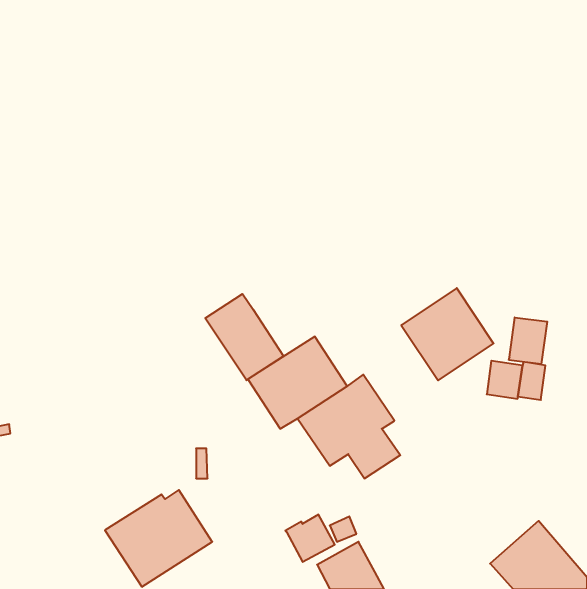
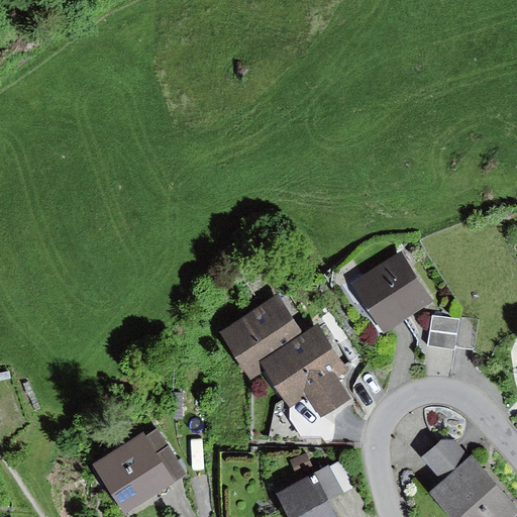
building: [205,294,284,380] -> none
building: [509,317,547,364] -> none
building: none -> [419,439,464,478]
building: [285,515,335,562] -> [313,459,356,501]

